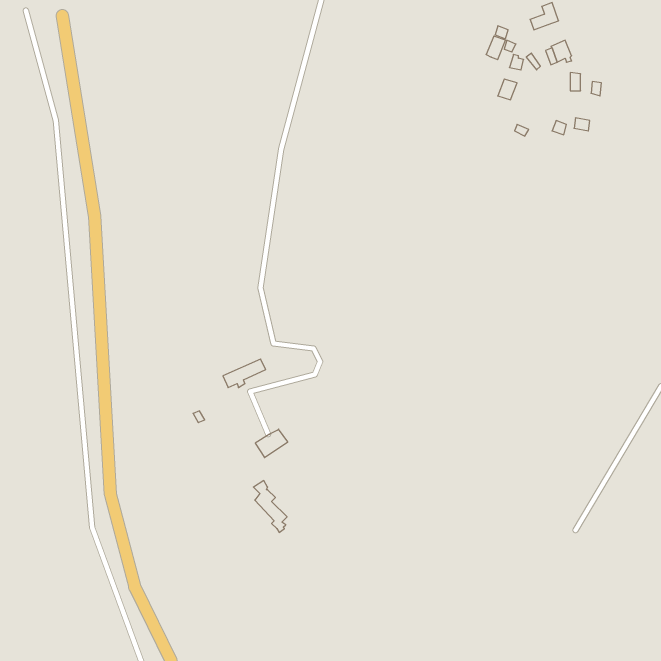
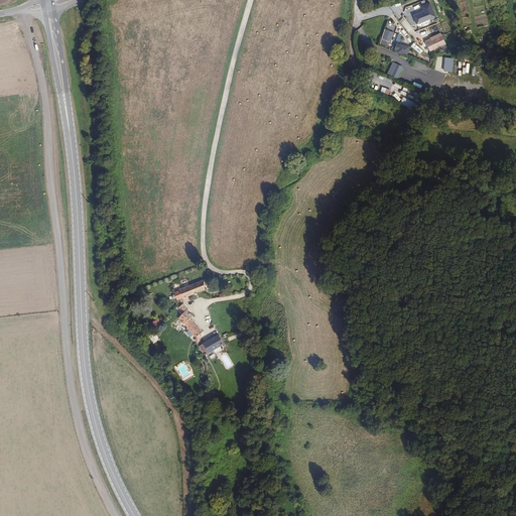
building: [253,481,287,532] -> [175,302,202,343]

